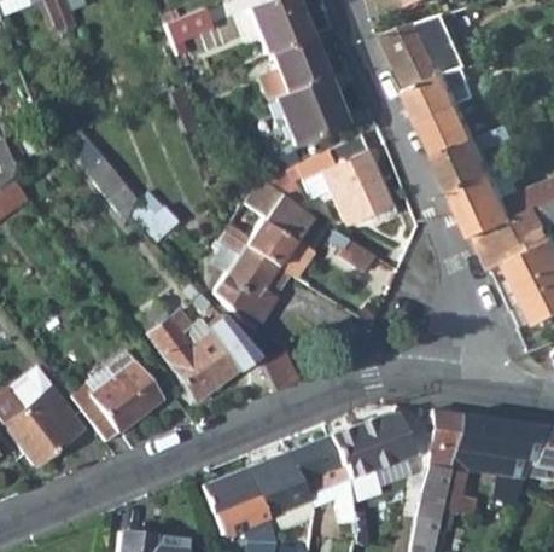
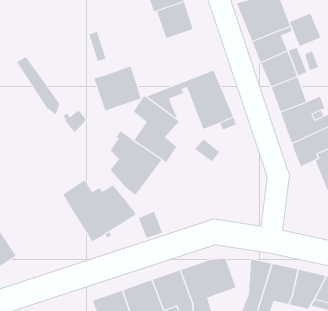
building: none -> [289,13,321,47]
building: [273,77,345,146] -> [94,66,141,111]
building: [72,353,164,442] -> none

